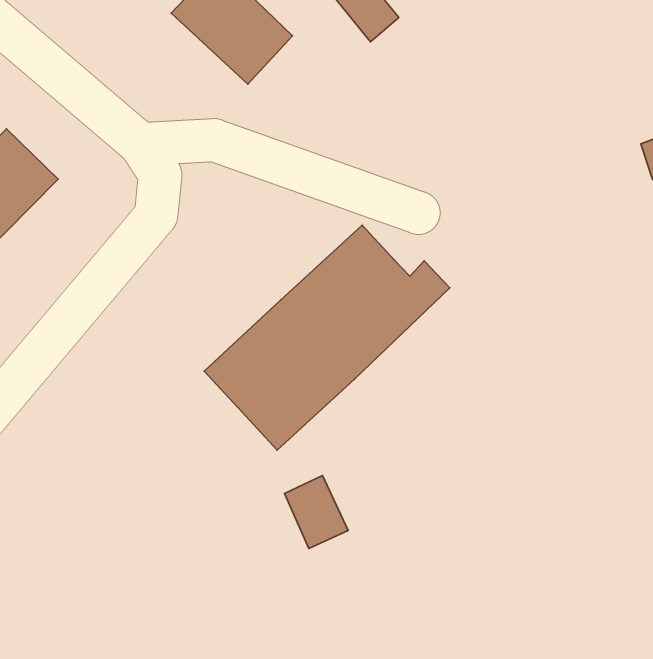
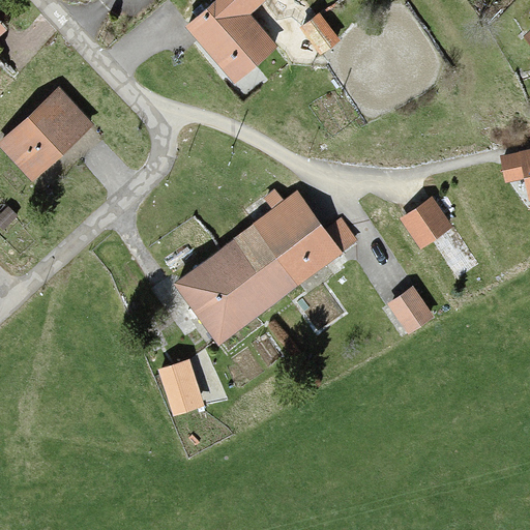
building: none -> [403,195,457,247]
building: none -> [388,293,428,334]
building: [285,476,348,548] -> [161,365,203,415]

